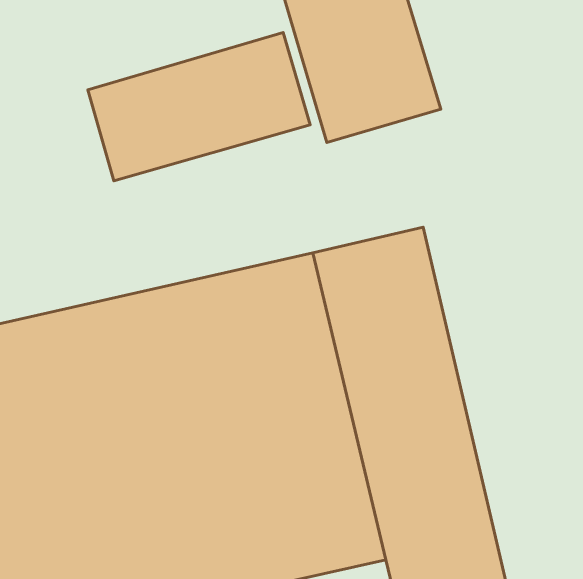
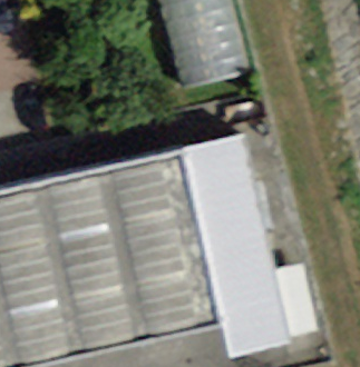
building: [88,32,310,181] -> none

